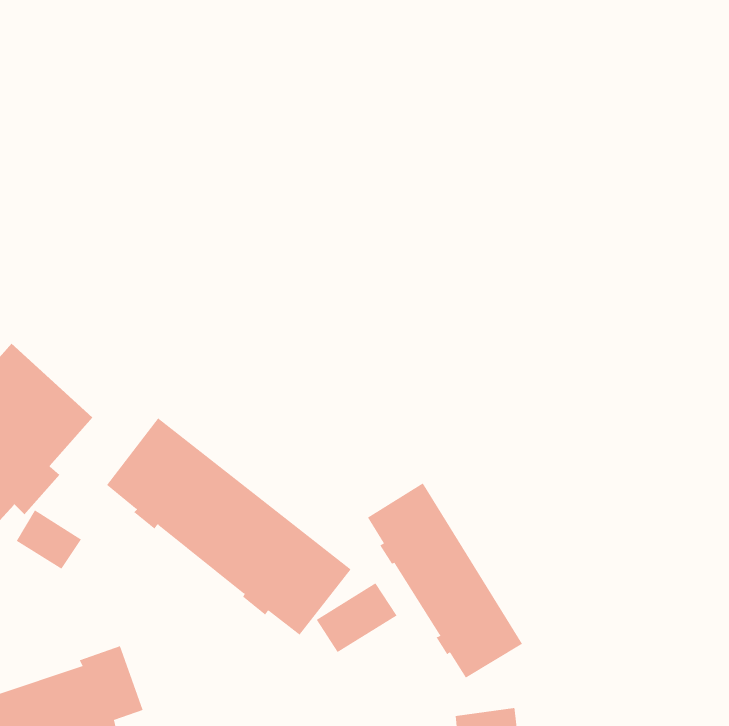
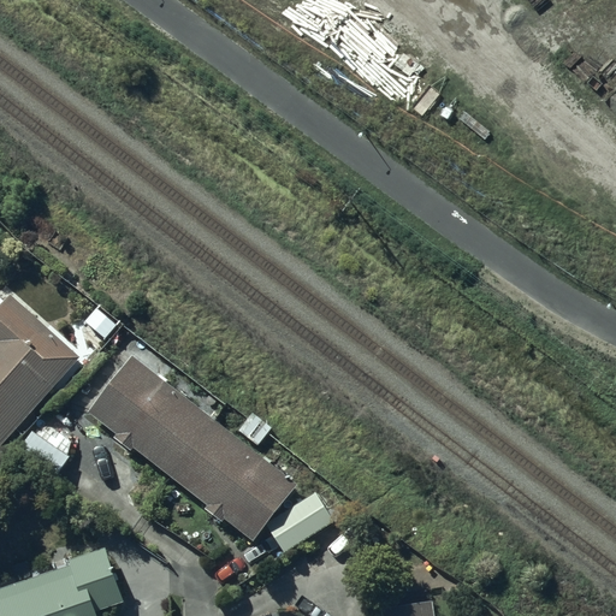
building: [367,483,523,678] -> none

